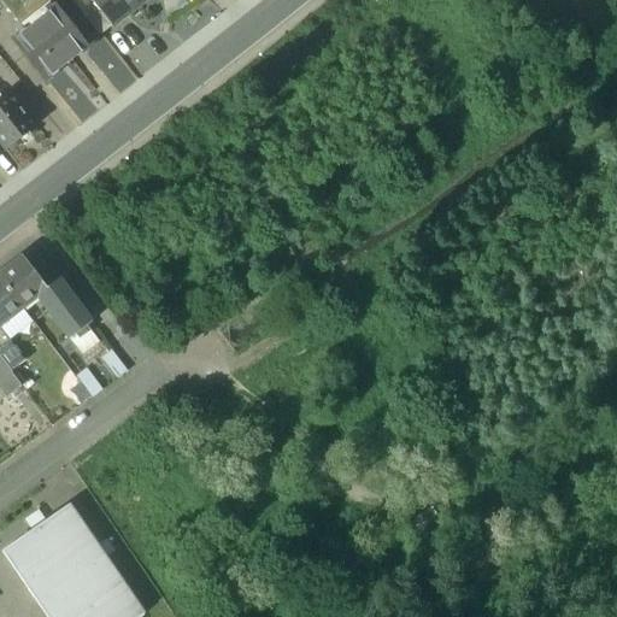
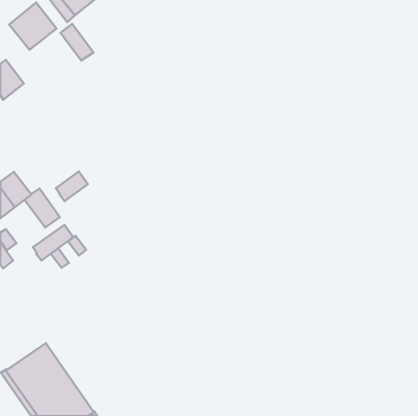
building: none -> [56,172,88,201]
building: none -> [33,225,73,260]

